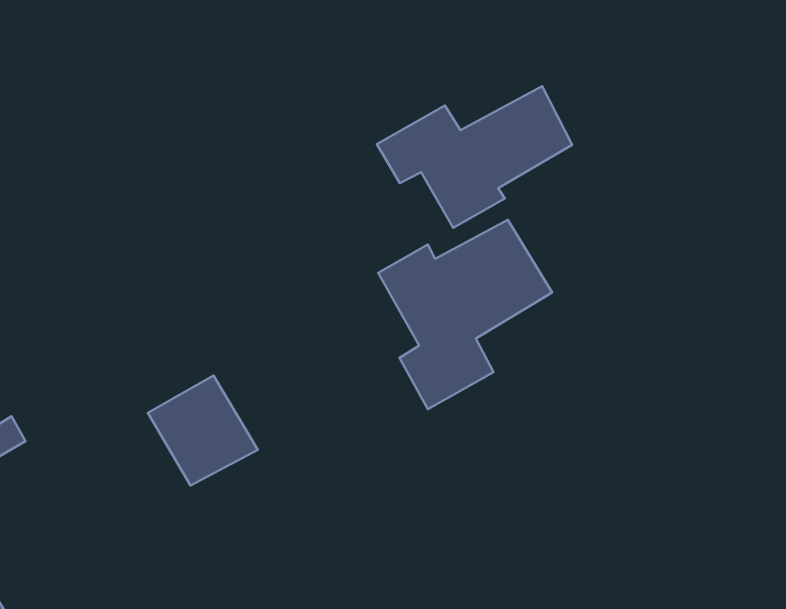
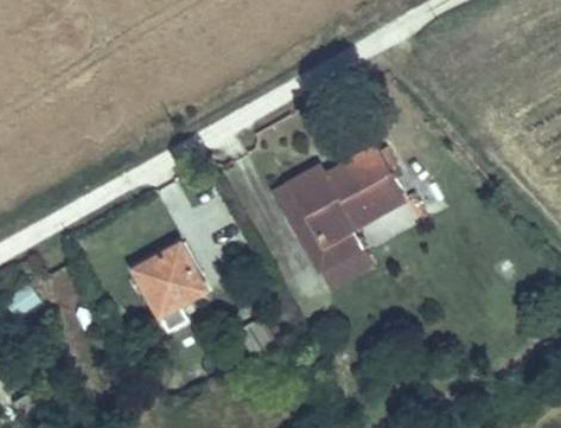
building: [377,86,572,228] -> none

